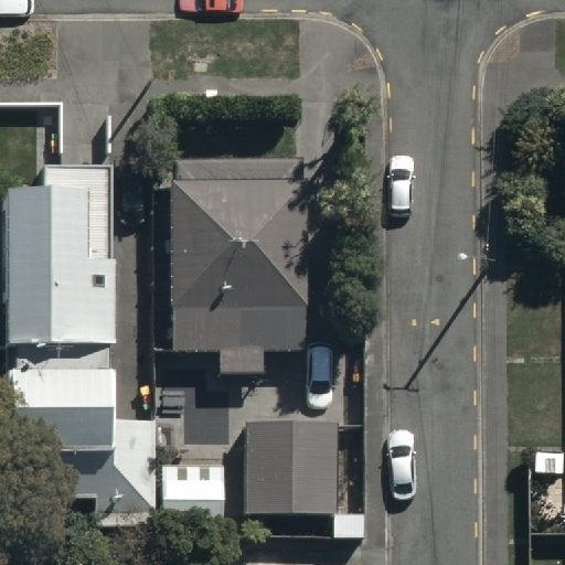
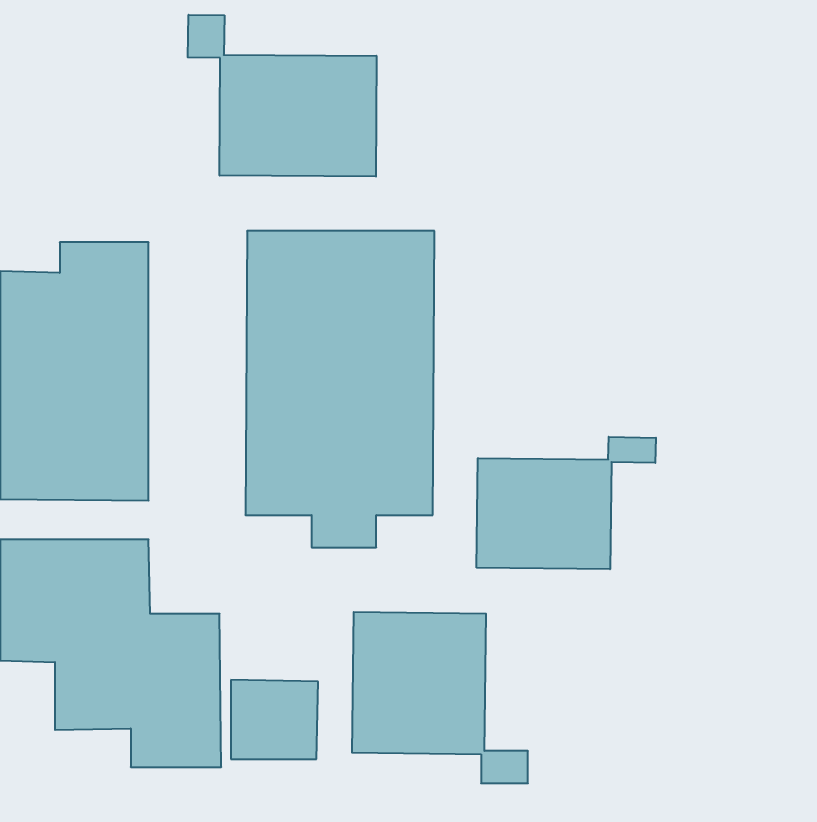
building: none -> [188,15,376,177]
building: none -> [477,437,656,569]

